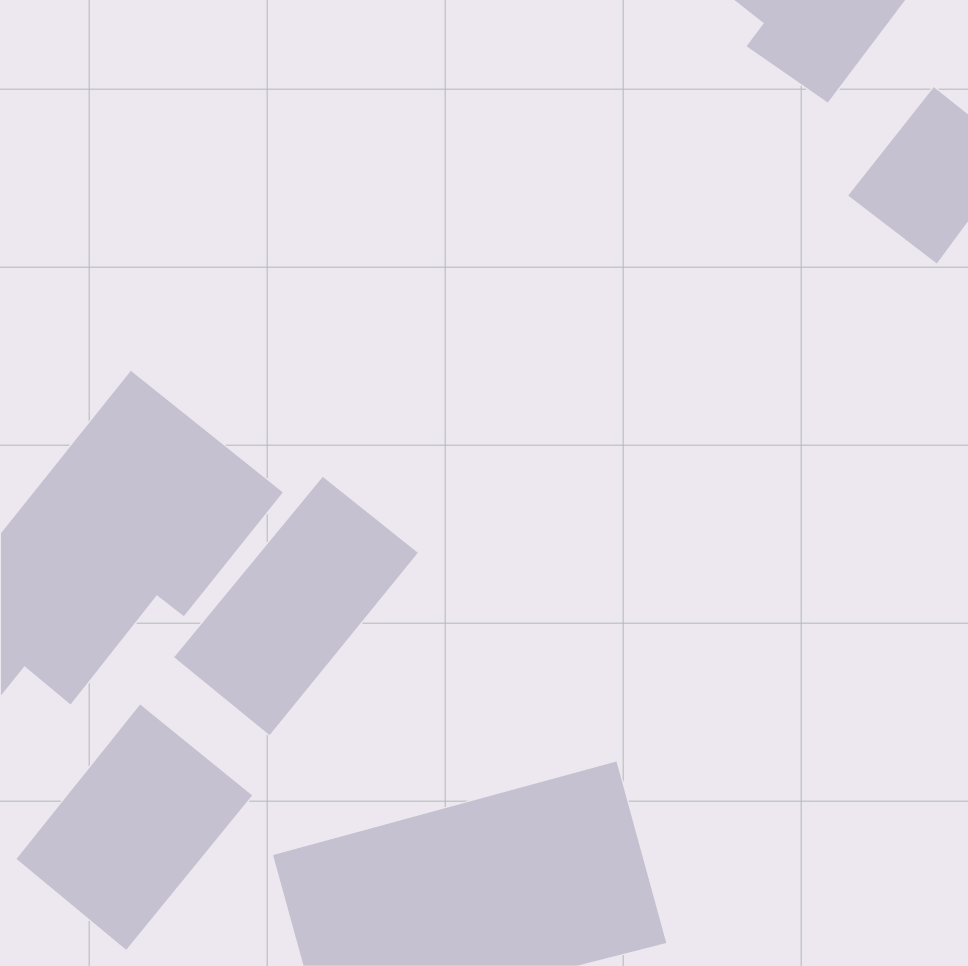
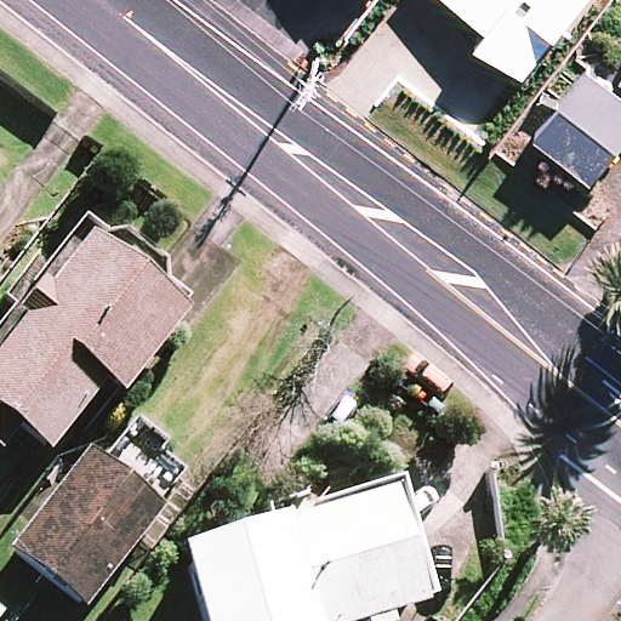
building: [173,476,419,736] -> none

